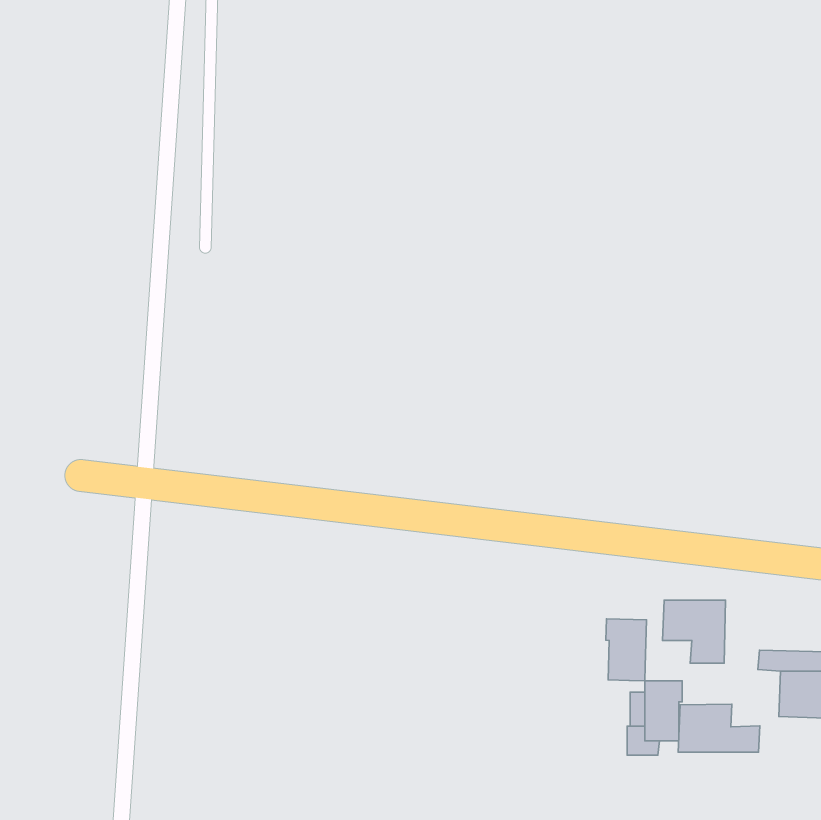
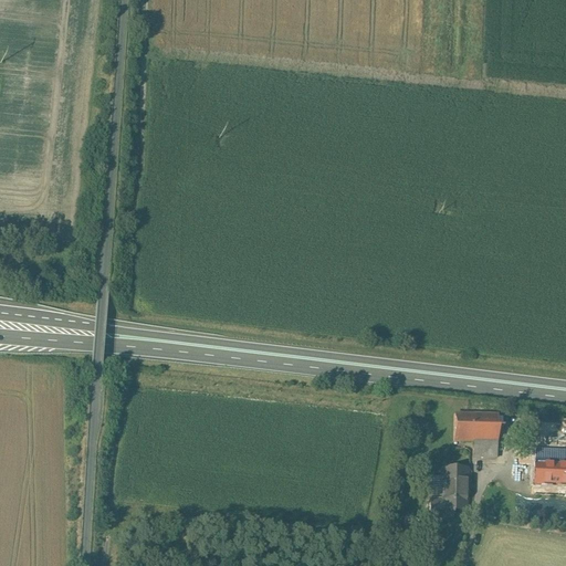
building: [606,619,646,681] -> none
building: [678,704,760,752] -> none

